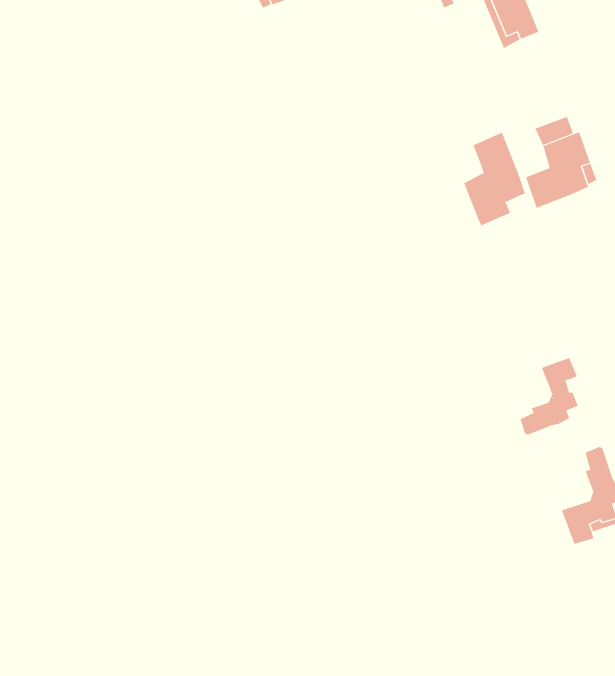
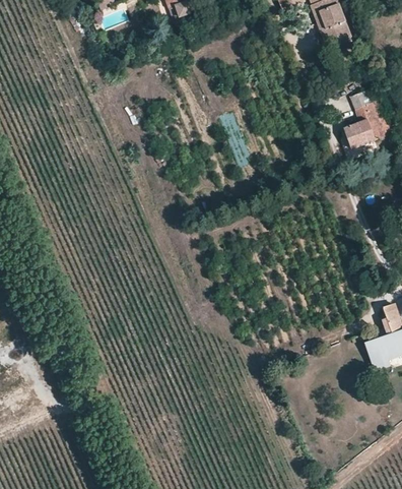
building: [464,132,526,226] -> none
building: [520,357,579,435] -> none

